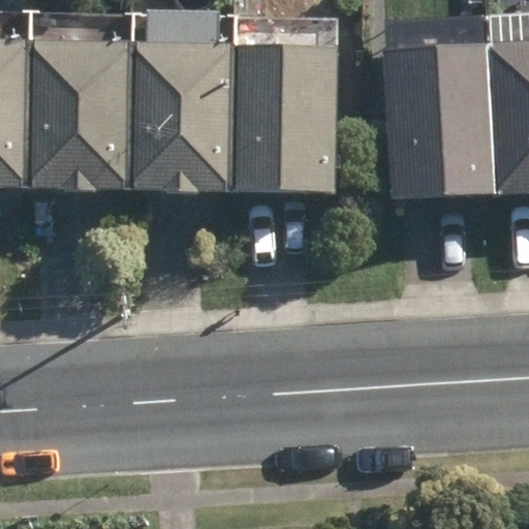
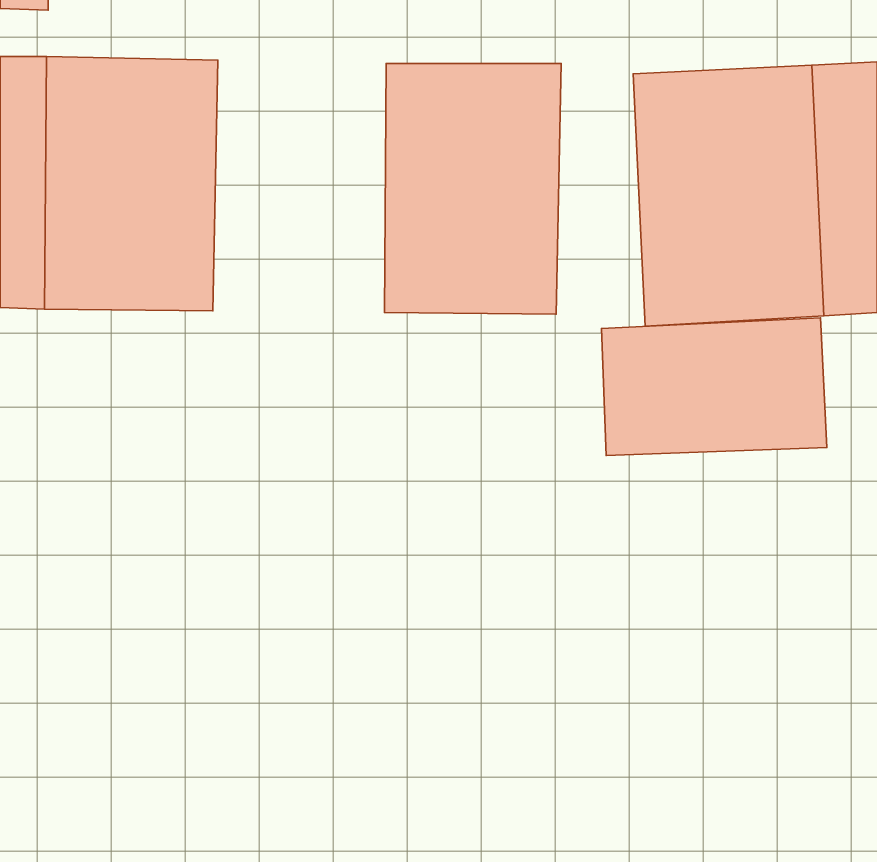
building: [128,36,232,188] -> none
building: none -> [601,318,827,456]

